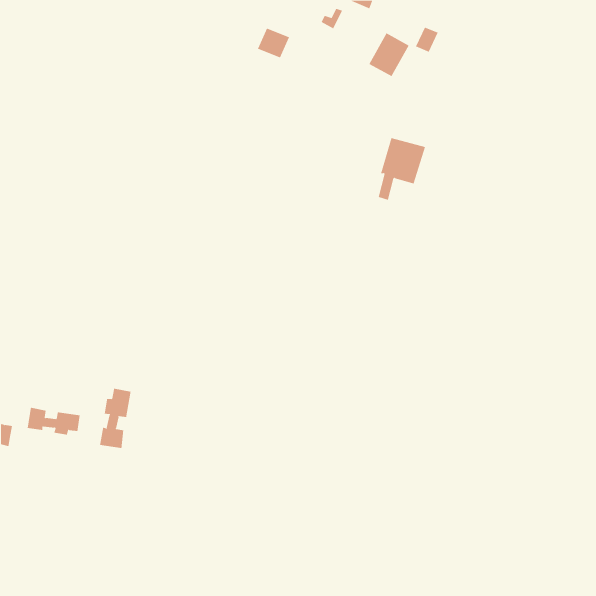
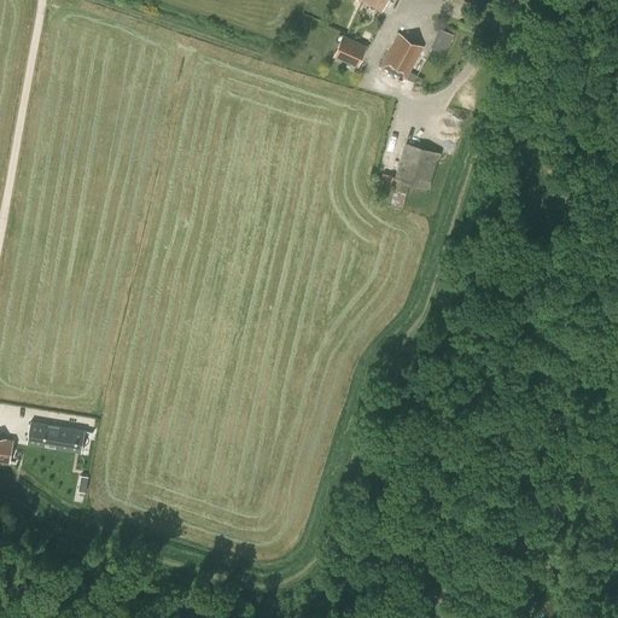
building: [257,28,290,58] -> [333,35,367,66]
building: [99,388,131,449] -> none

